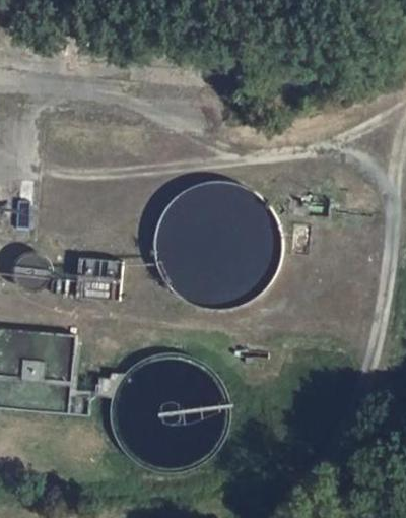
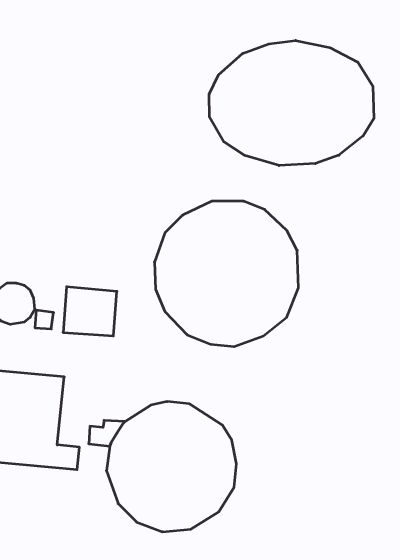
building: none -> [209,40,374,166]

